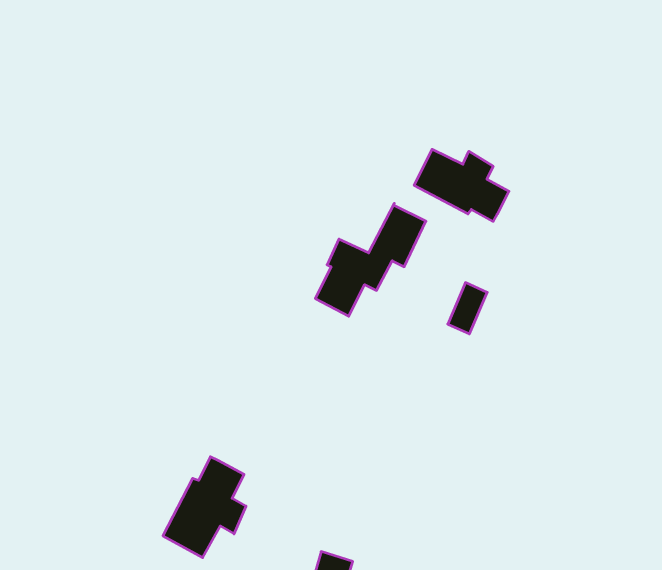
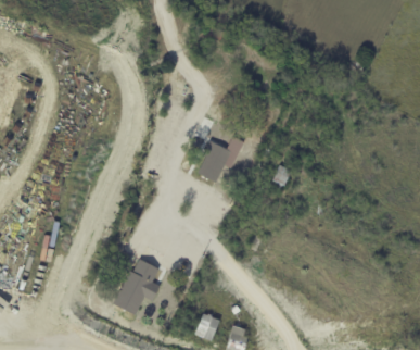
building: [414,149,509,221] -> none

